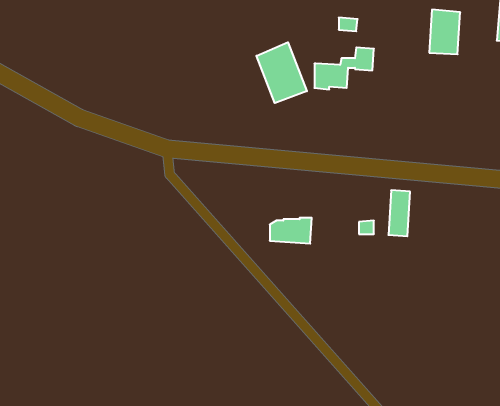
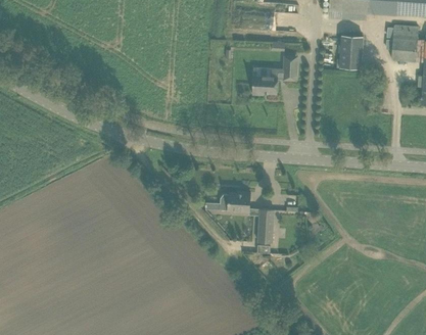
building: [256,42,307,103] -> none
building: [388,190,410,236] -> [257,208,274,243]

